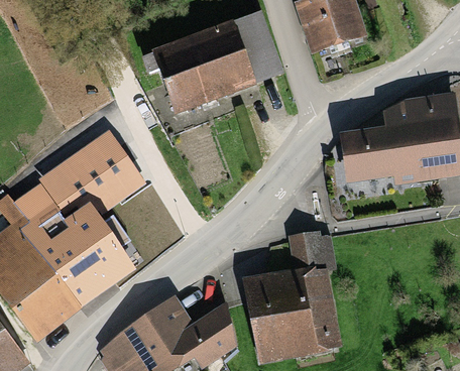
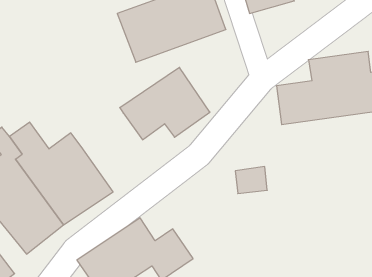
building: [40,127,148,214] -> [120,67,210,140]
building: [241,267,336,361] -> none

